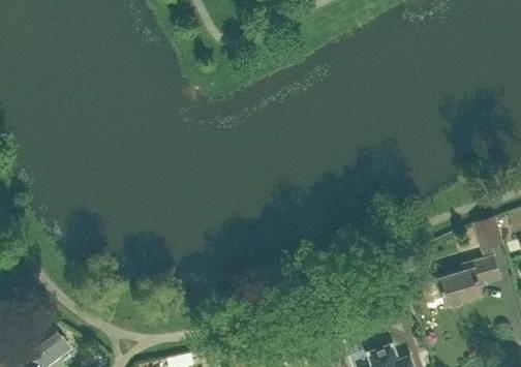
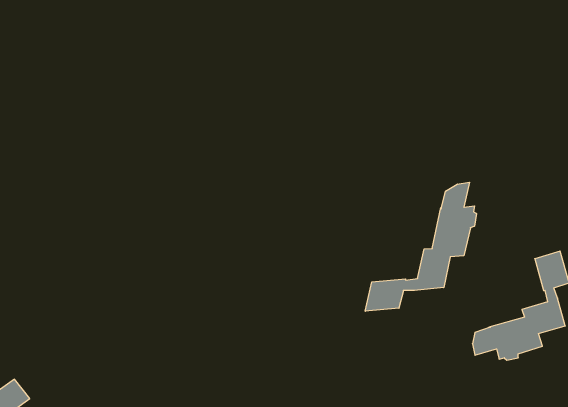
building: none -> [365,182,476,311]

